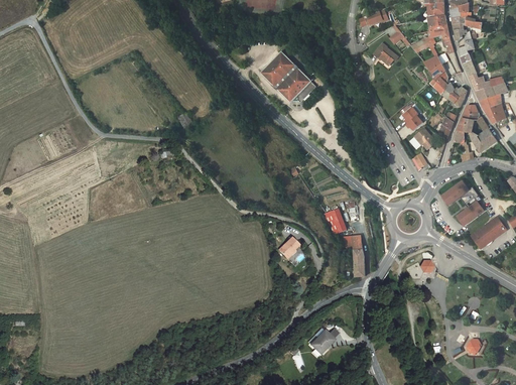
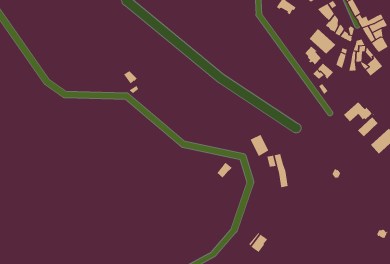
building: [260,51,315,102] -> none
building: none -> [309,28,336,54]

